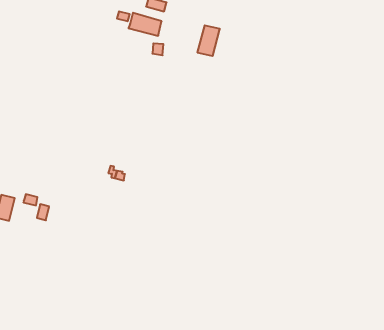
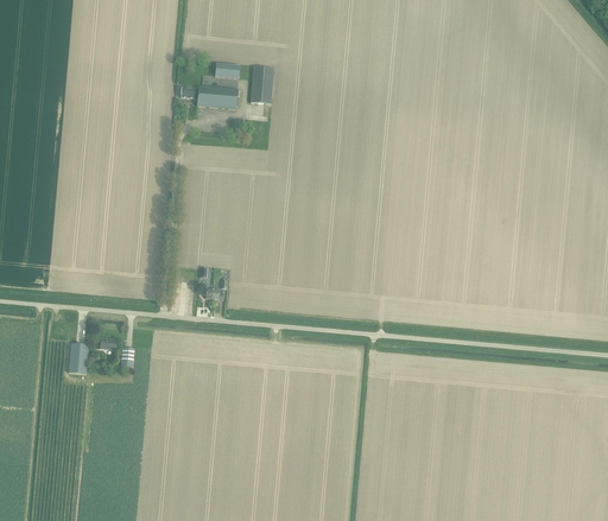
building: [197,25,220,56] -> [249,65,273,102]

